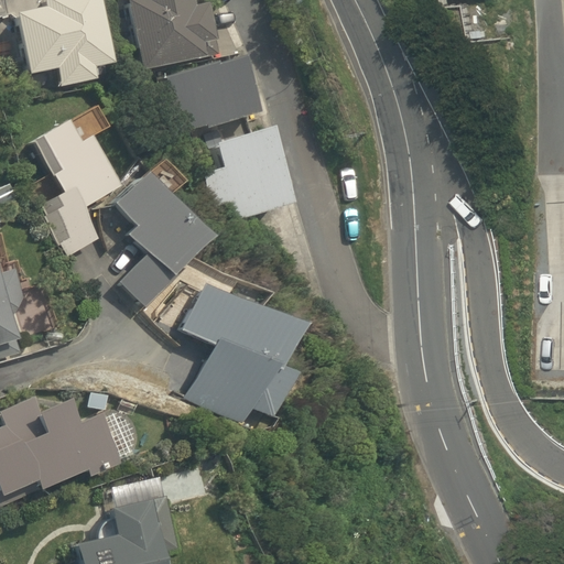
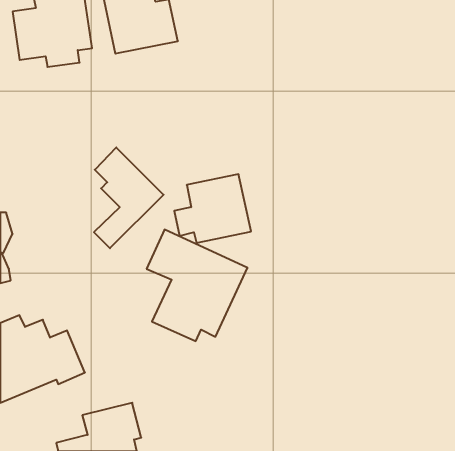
building: [165,55,259,135] -> none
building: [32,119,123,250] -> none
building: [198,131,293,216] -> [174,174,251,243]

